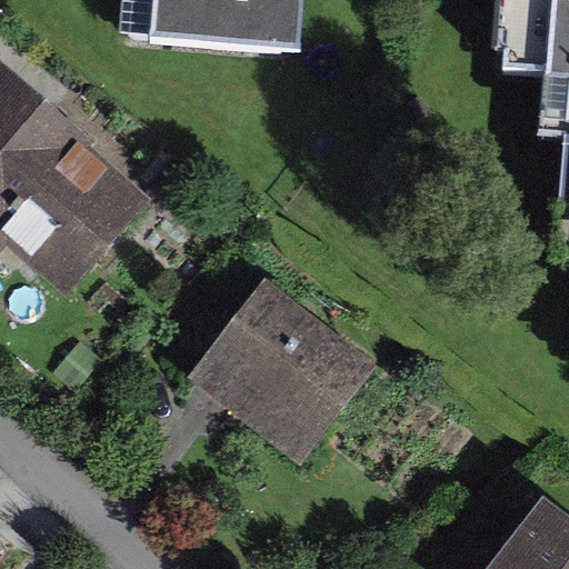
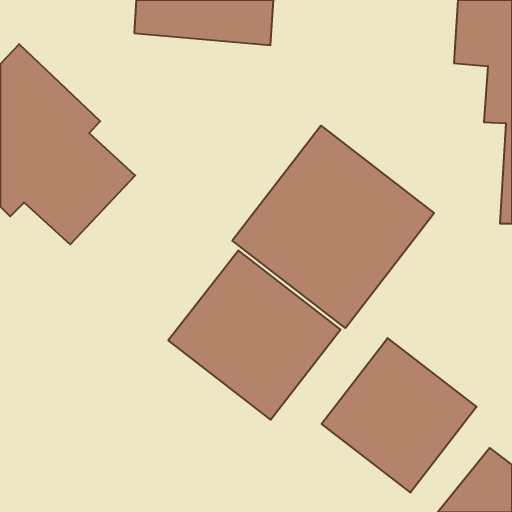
building: none -> [232,126,434,328]
building: none -> [322,338,477,493]

